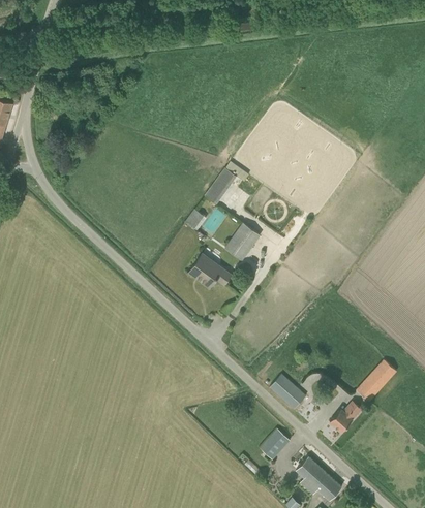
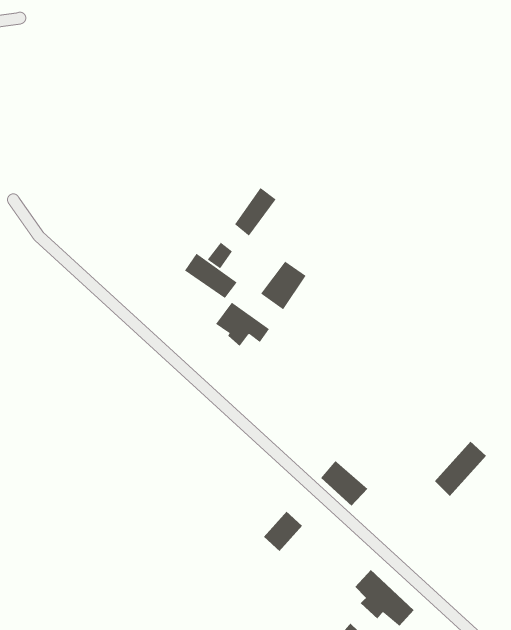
building: none -> [184,253,237,299]
building: [330,401,362,432] -> none
building: [260,428,290,459] -> [263,511,303,552]

